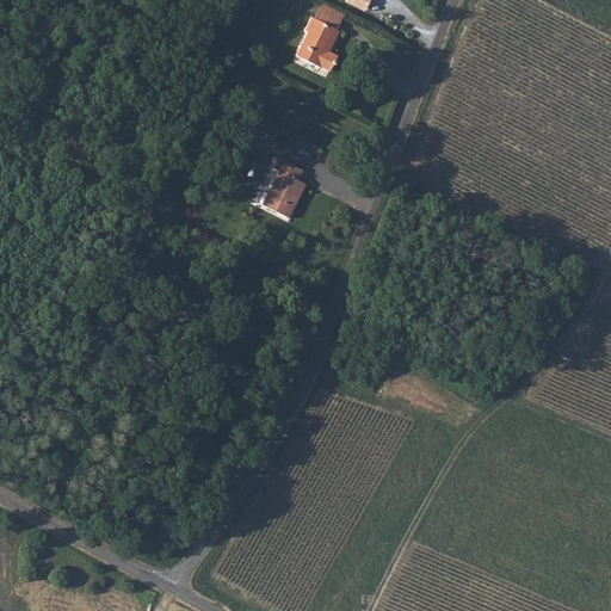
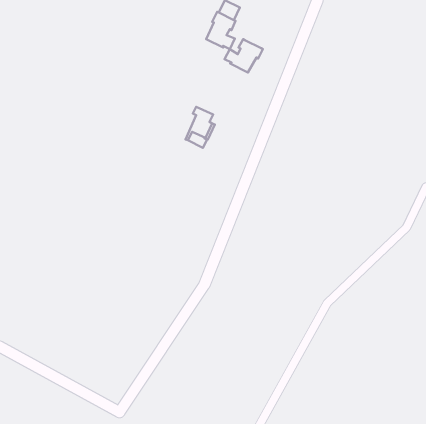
building: none -> [224,39,263,72]

